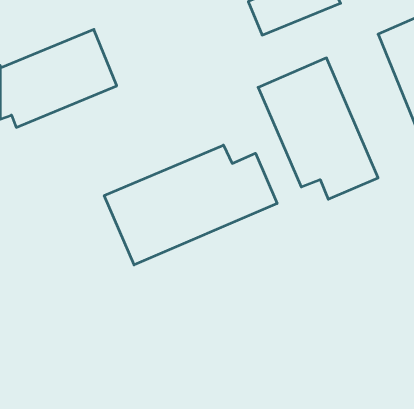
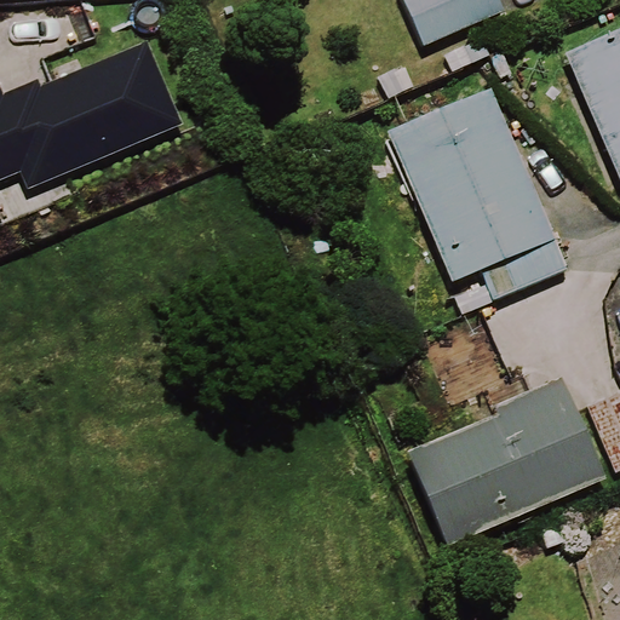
building: [104,145,277,265] -> none
building: none -> [425,385,602,534]

